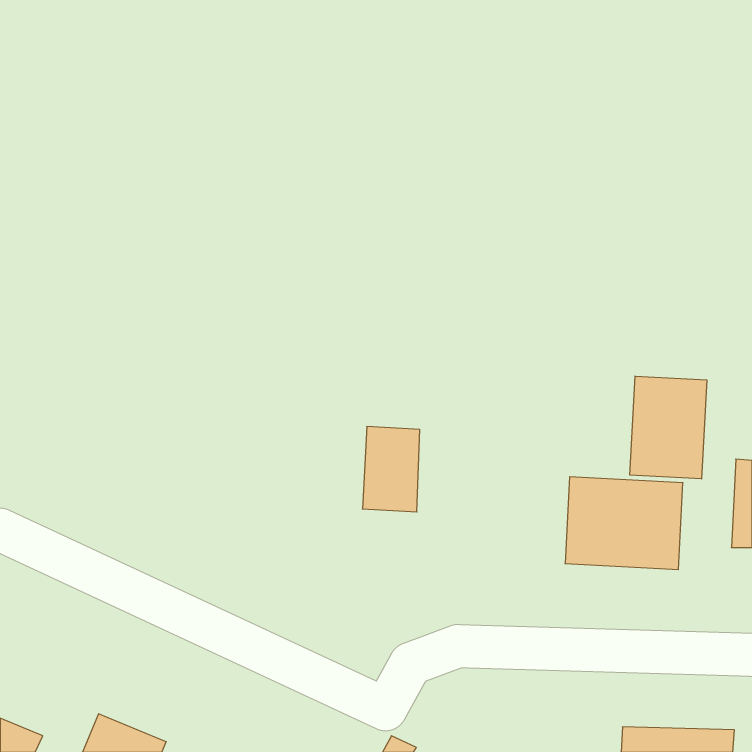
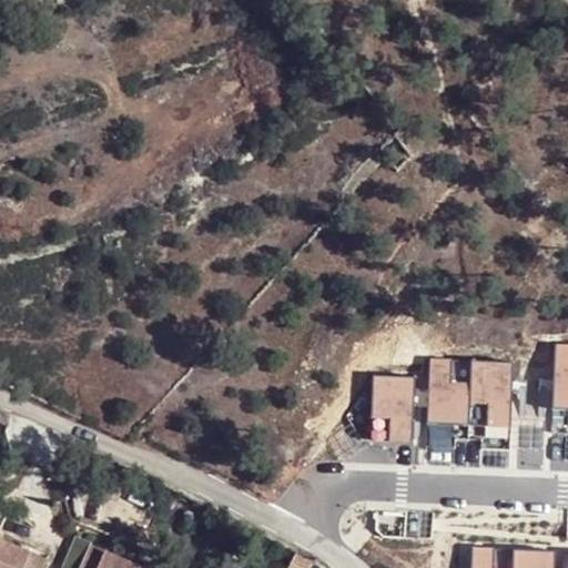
building: [630,376,707,479] -> none
building: [362,427,420,512] -> [369,378,413,443]

